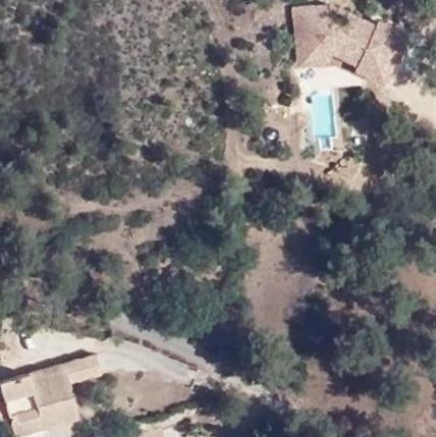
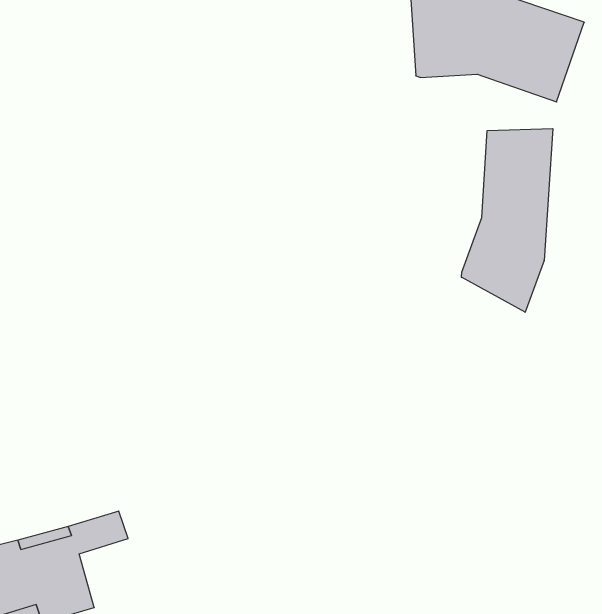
building: none -> [461,129,553,312]

